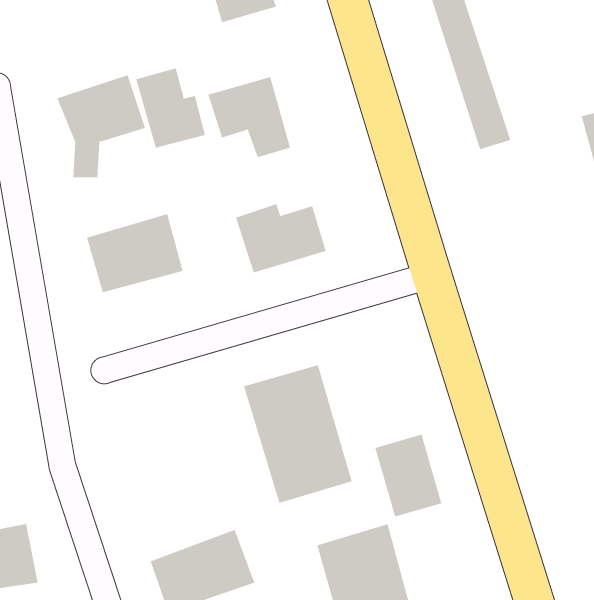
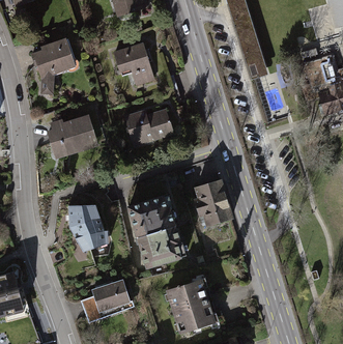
building: [136,67,205,149] -> none
building: none -> [68,206,109,253]
building: [375,434,442,517] -> [195,181,230,225]

